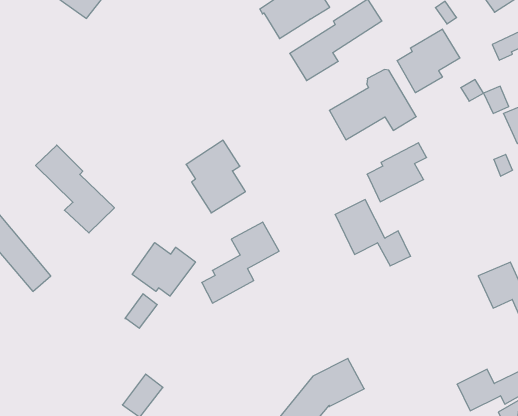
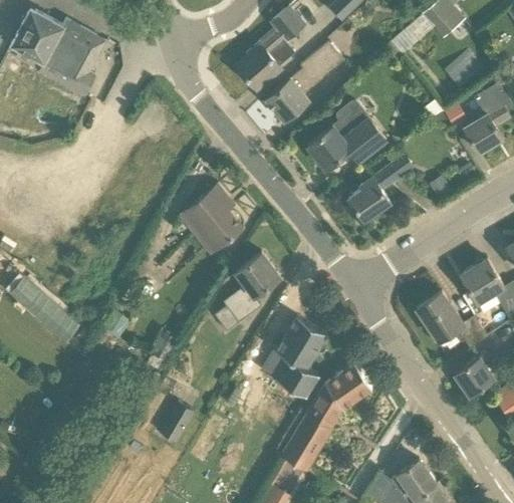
building: [397,29,460,93] -> none
building: [36,145,114,233] -> none
building: [335,200,411,266] -> [416,291,488,347]
building: [132,243,195,296] -> none
building: none -> [276,317,327,398]

